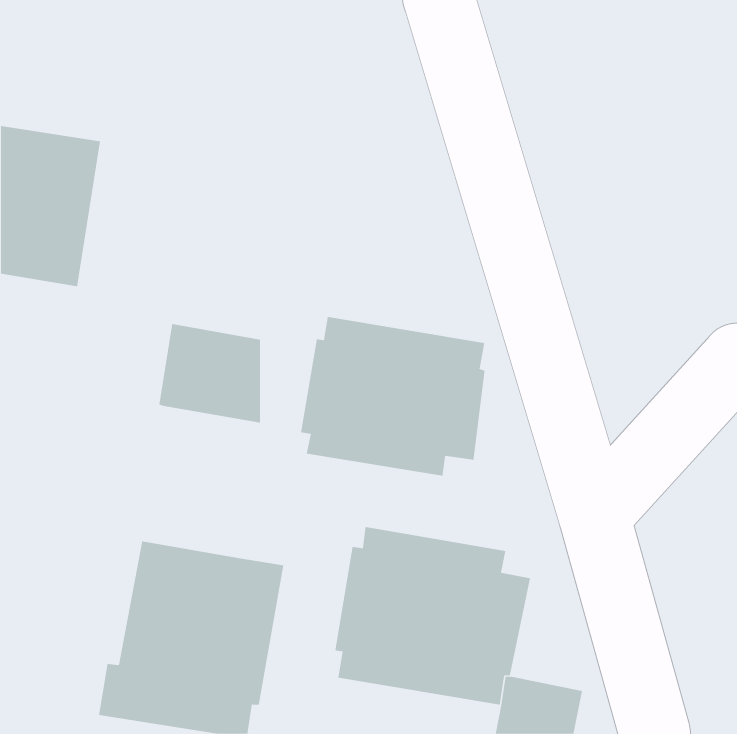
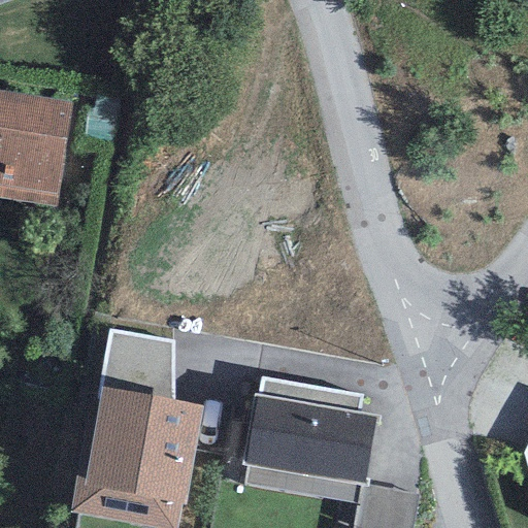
building: [301,316,485,476] -> none
building: [158,324,261,423] -> [99,328,172,399]

